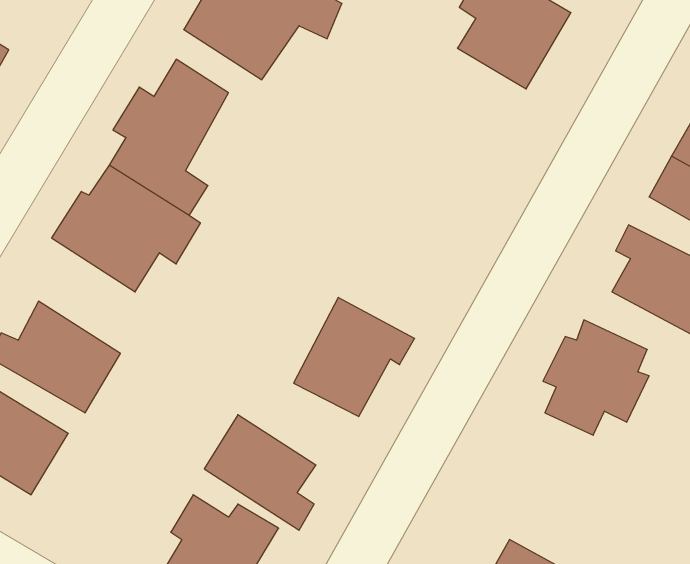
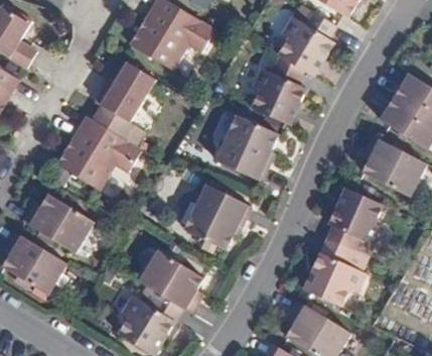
building: none -> [244,50,303,117]
building: none -> [215,117,269,177]
building: none -> [300,249,361,316]

